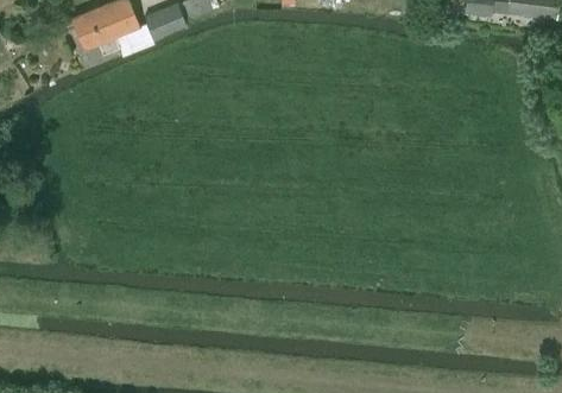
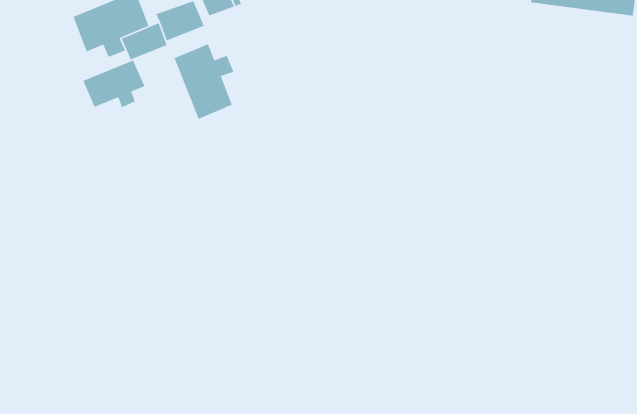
building: none -> [174,43,235,120]
building: none -> [82,59,146,108]

